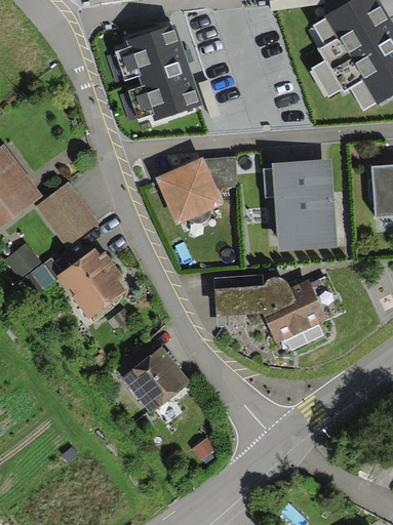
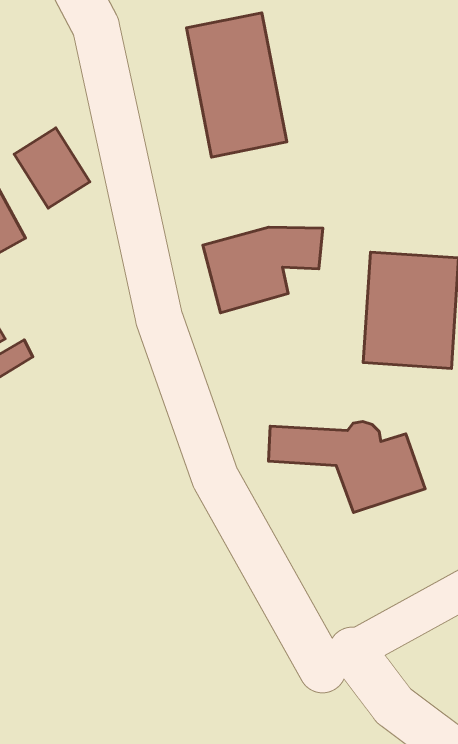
building: [41,187,92,239] -> [14,128,90,208]
building: [63,249,121,311] -> none
building: [122,342,190,409] -> none

